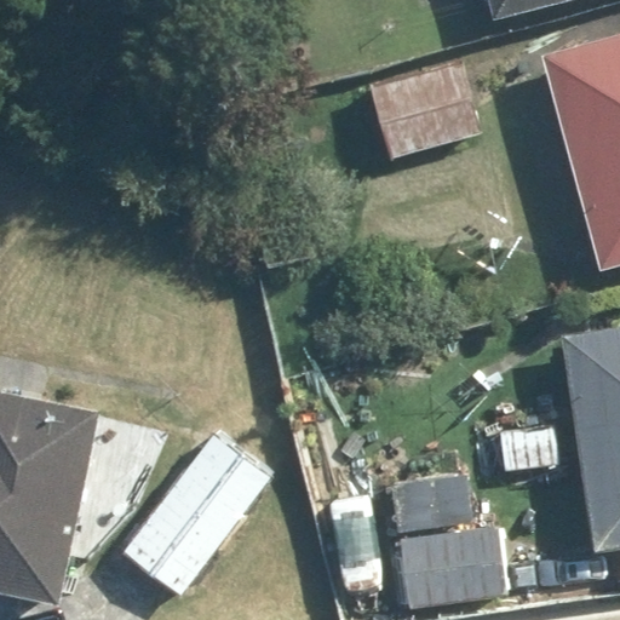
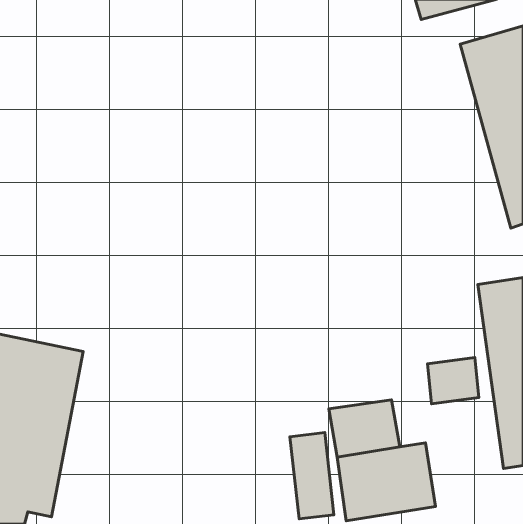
building: [364,56,487,160] -> none
building: [116,431,274,602] -> none

